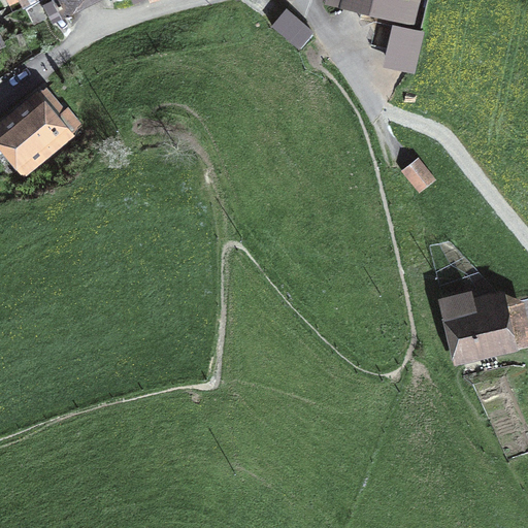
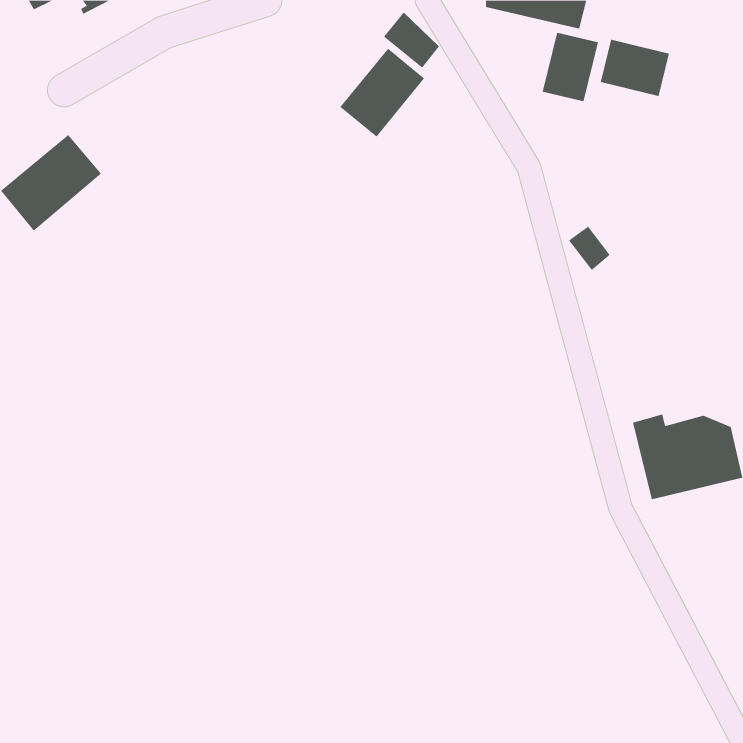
building: none -> [600,39,670,97]
building: none -> [340,48,425,137]

